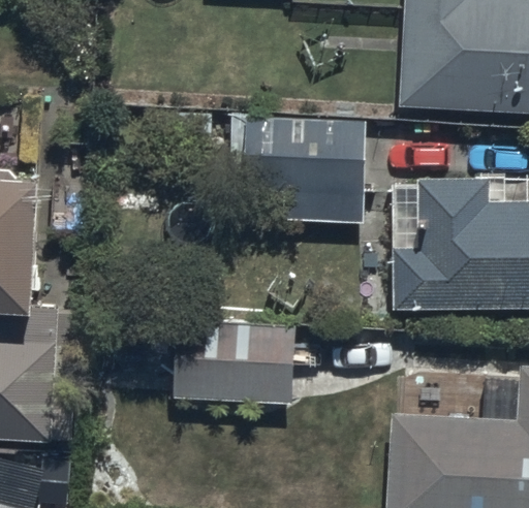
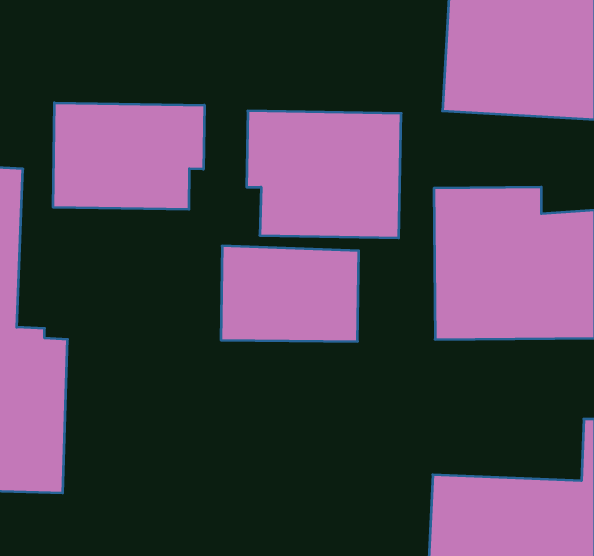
building: none -> [53,103,204,209]
building: [174,318,291,400] -> [221,246,359,341]

